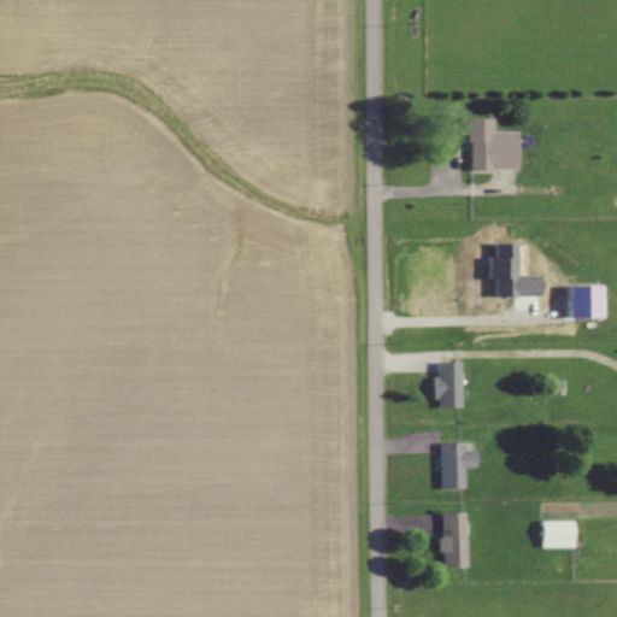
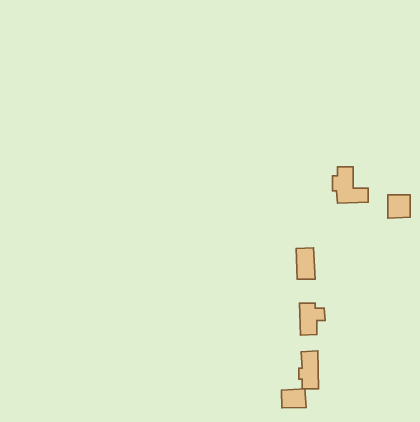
building: [469,121,518,171] -> none
building: [541,521,575,548] -> none
building: none -> [282,389,306,408]

